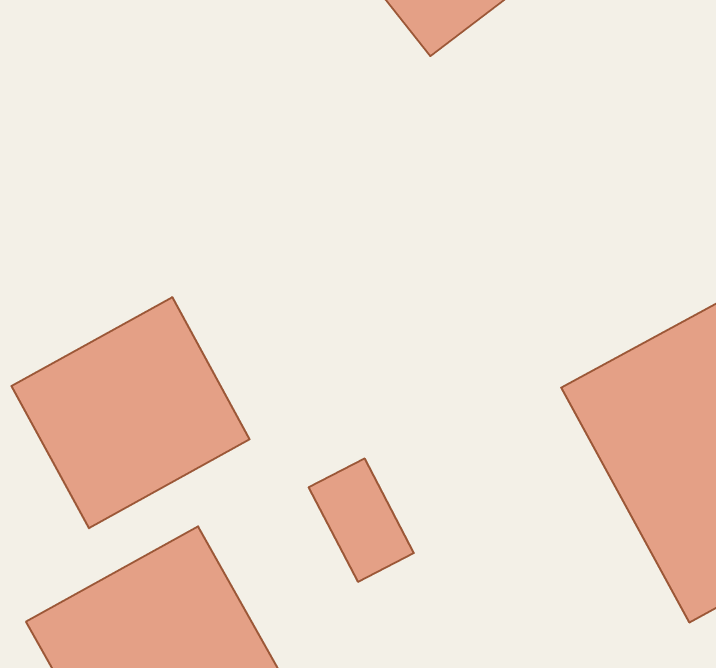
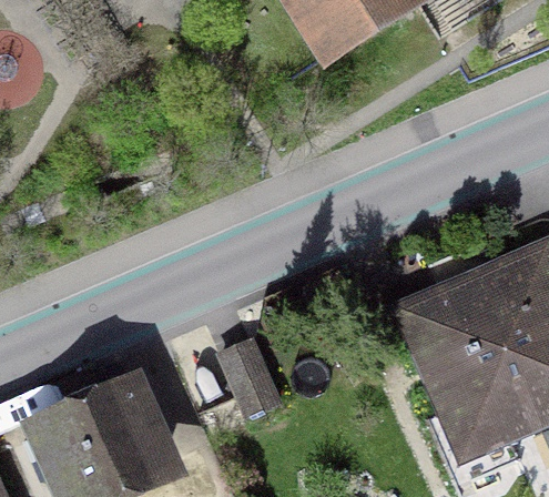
building: [11,297,250,528] -> none

